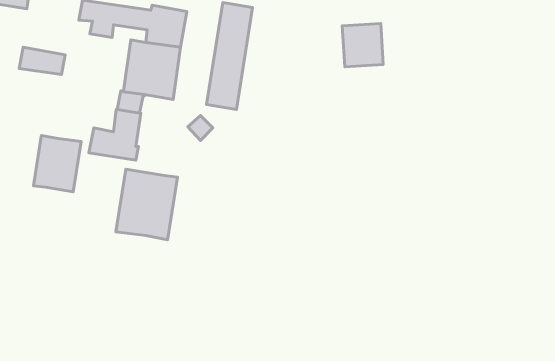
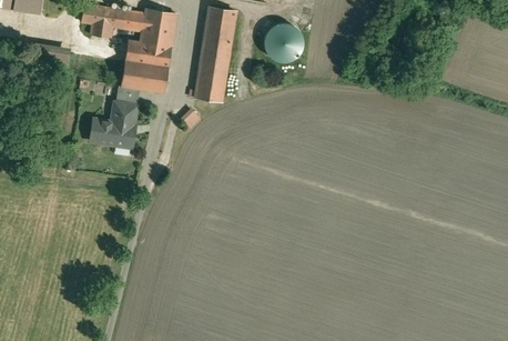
building: [342,23,383,67] -> [263,23,299,62]
building: [33,135,81,192] -> none
building: [116,169,178,240] -> none

